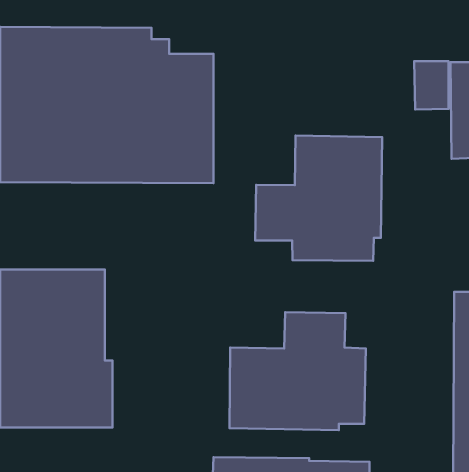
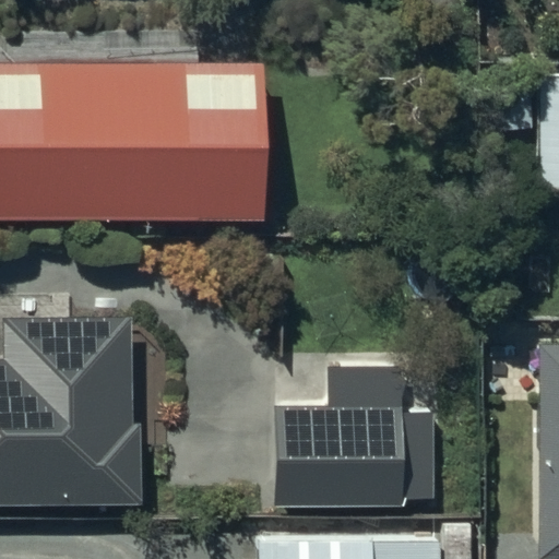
building: [255,136,382,261] -> none

